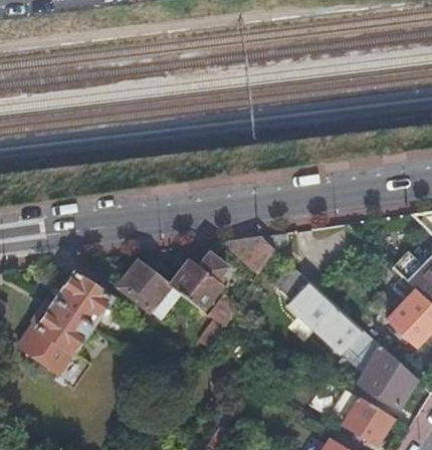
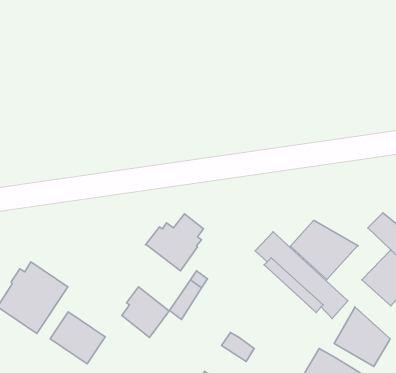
building: [223,237,274,274] -> none
building: none -> [291,221,358,280]
building: [122,261,170,312] -> [122,287,170,338]
building: [53,275,109,327] -> [50,312,105,364]

